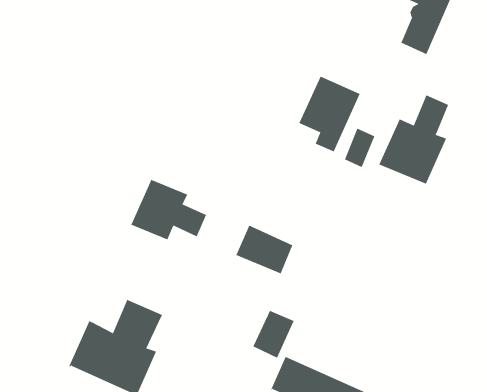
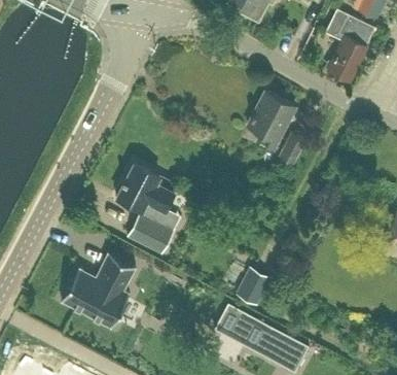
building: [379,95,449,184] -> none
building: [236,225,293,274] -> [130,213,174,252]
building: [253,310,294,358] -> [238,269,270,306]

